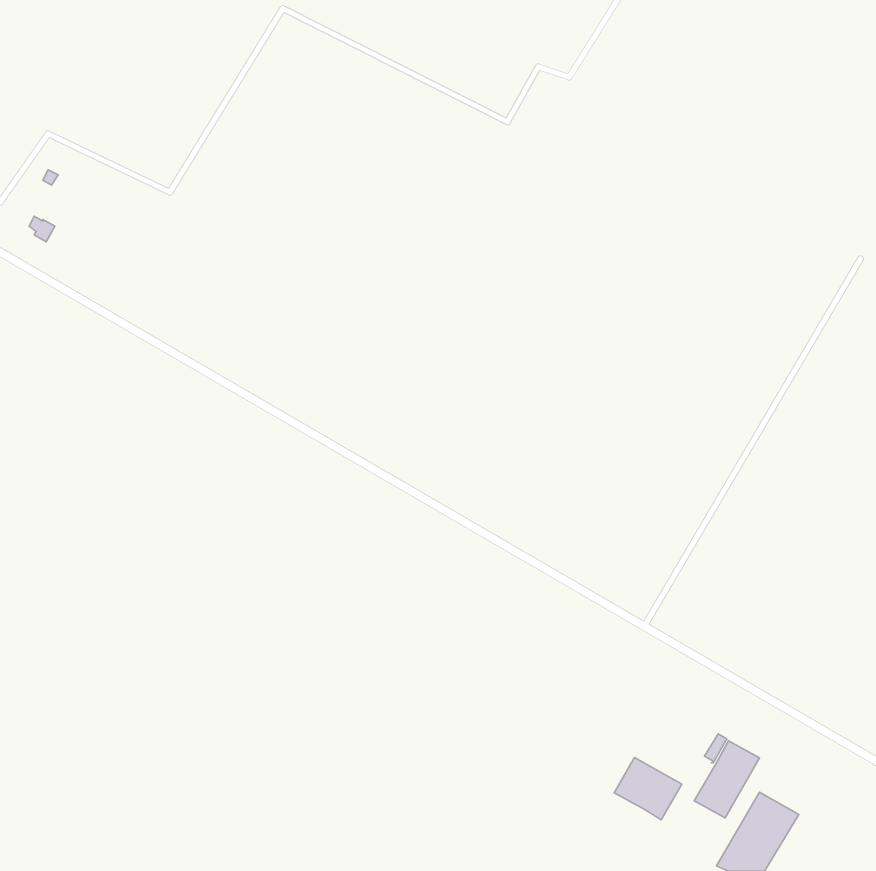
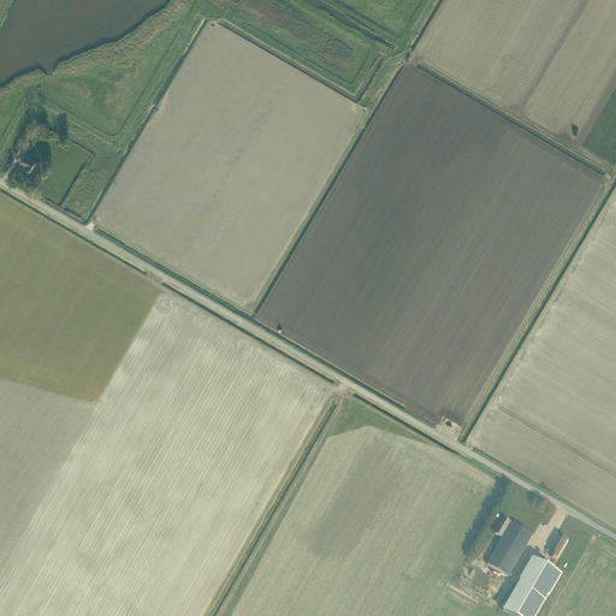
building: [614,757,682,820] -> none

